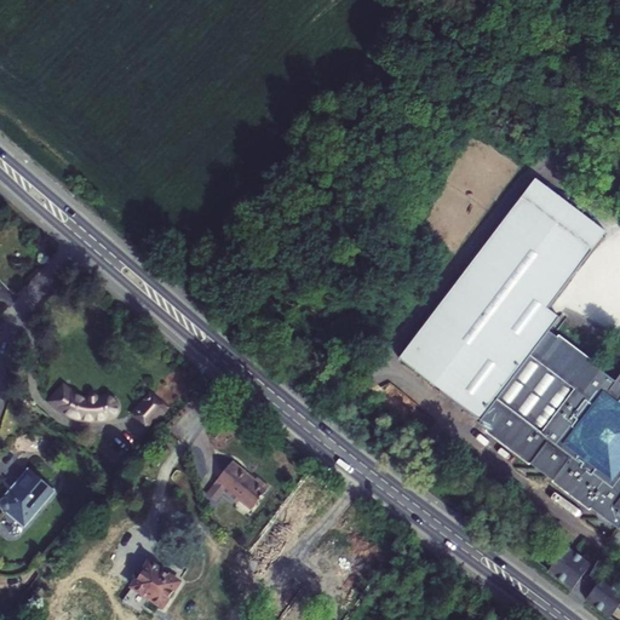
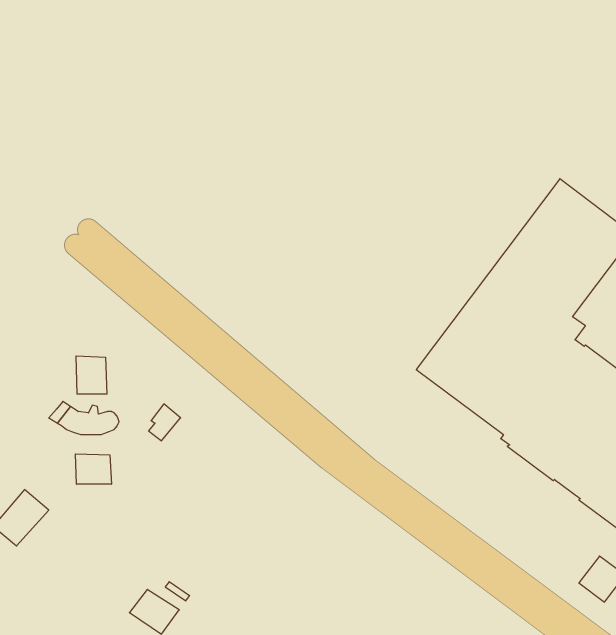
building: none -> [76,356,107,394]
building: none -> [76,454,111,484]
building: [213,461,268,509] -> none

